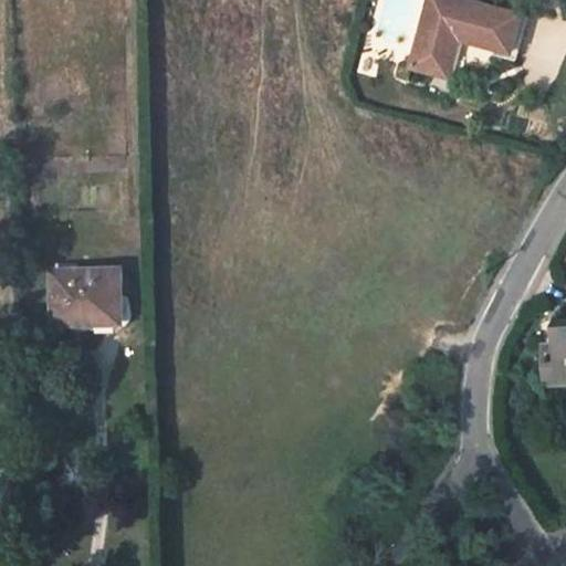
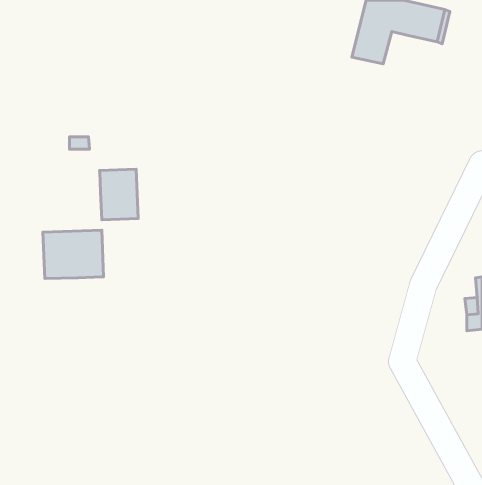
building: none -> [100,169,138,220]

